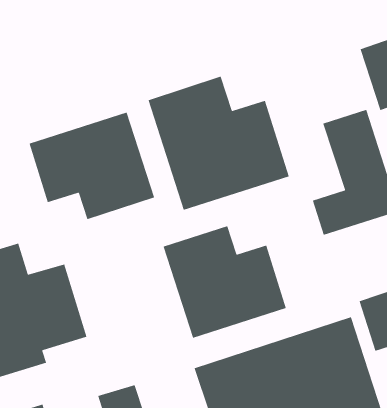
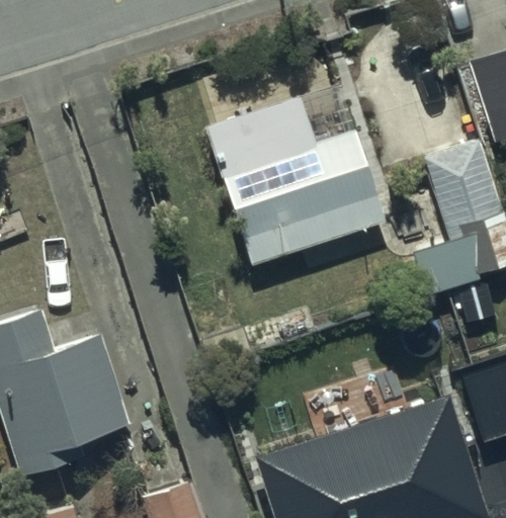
building: [28,112,155,220] -> none
building: [163,225,287,339] -> none

